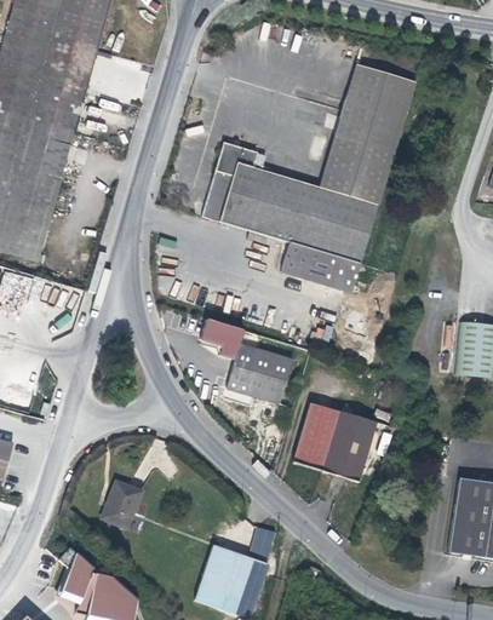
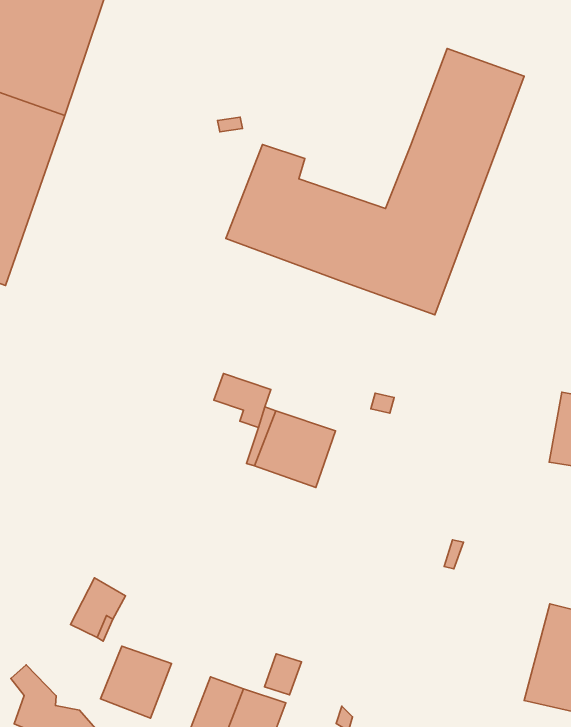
building: [281,242,361,292] -> none
building: [306,401,373,476] -> none
building: none -> [101,646,171,718]

